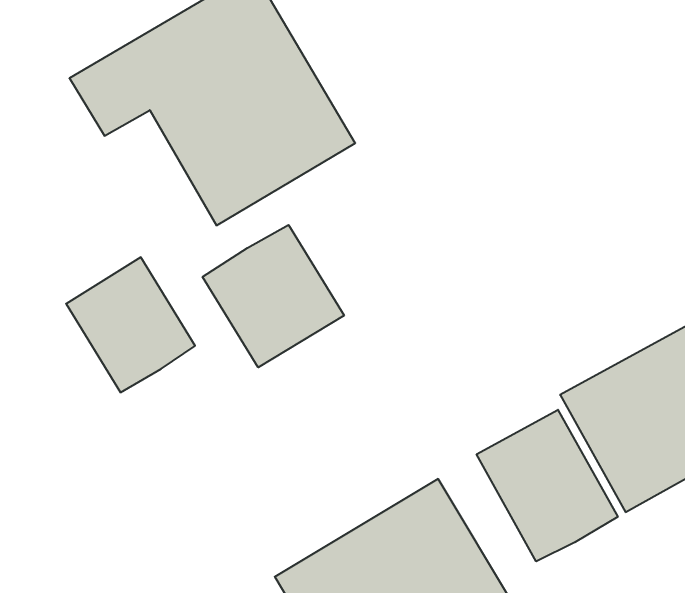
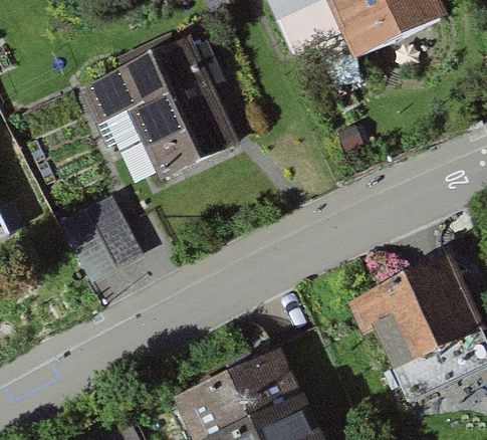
building: [203,225,344,367] -> none
building: [477,410,618,561] -> none

